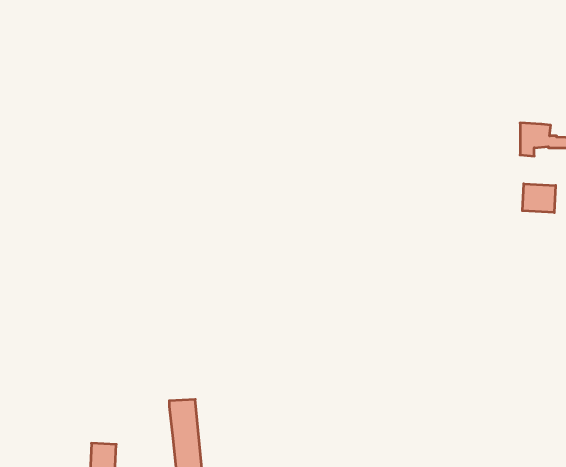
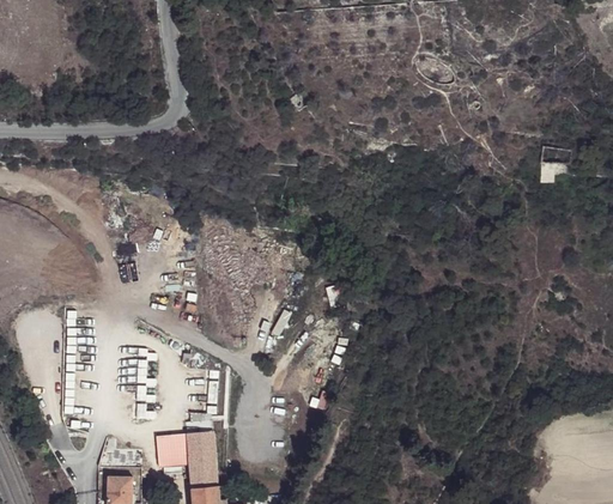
building: [522,184,556,213] -> none
building: none -> [157,437,189,470]

